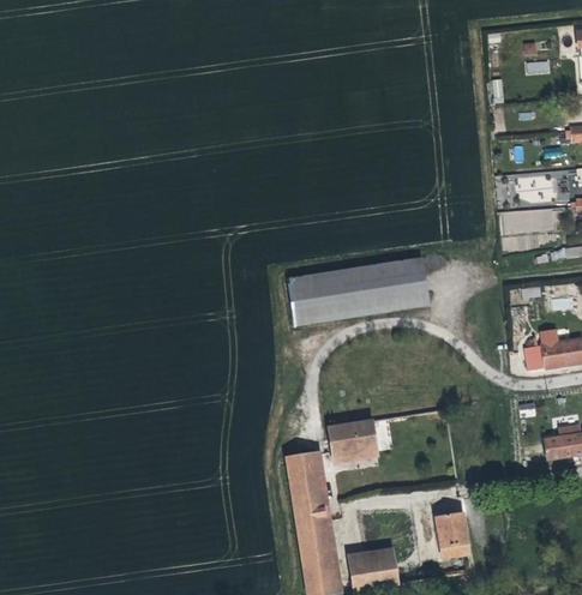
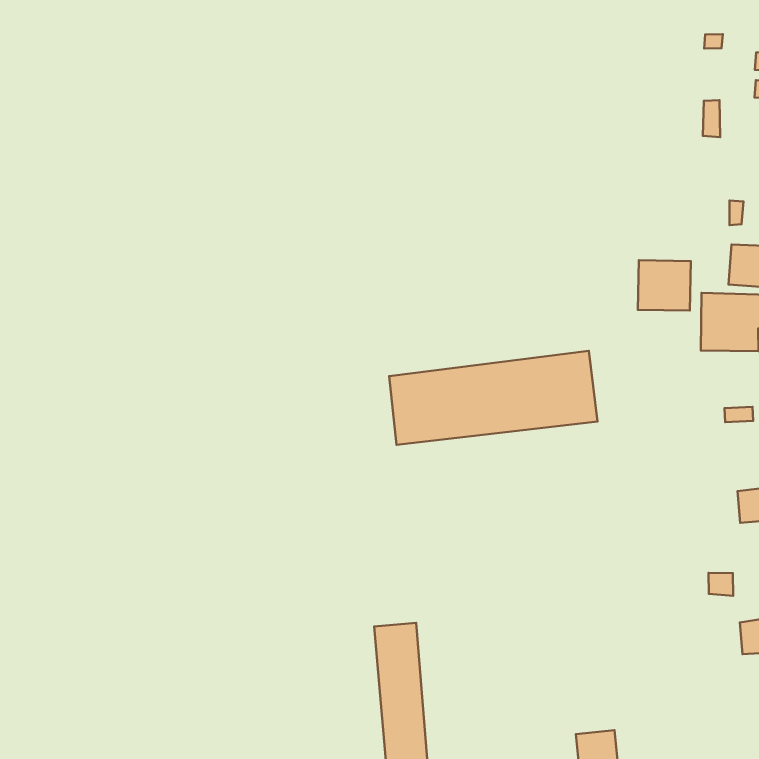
building: none -> [638,260,691,310]
building: [332,417,379,458] -> none

